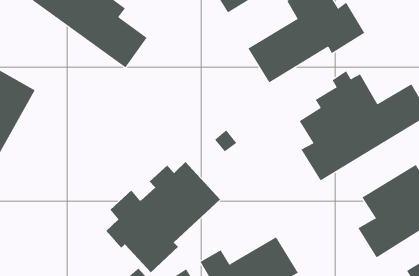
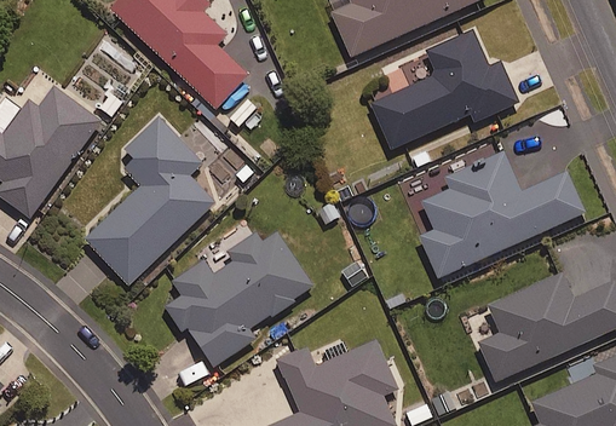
building: none -> [85,115,215,284]

